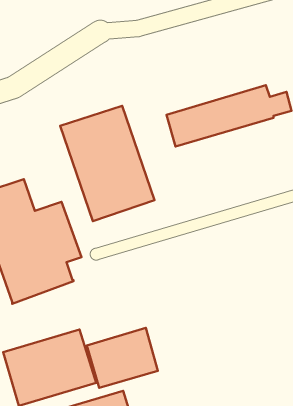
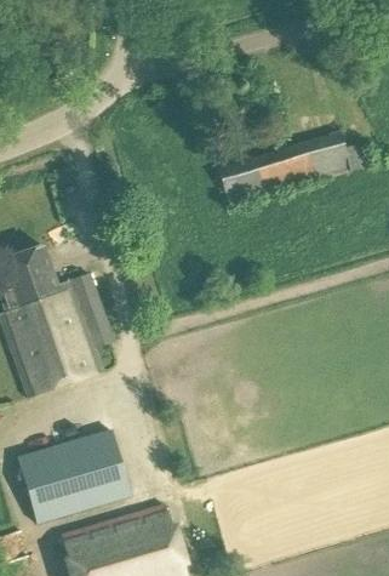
building: [60,106,154,221] -> none
building: [87,328,158,388] -> none

